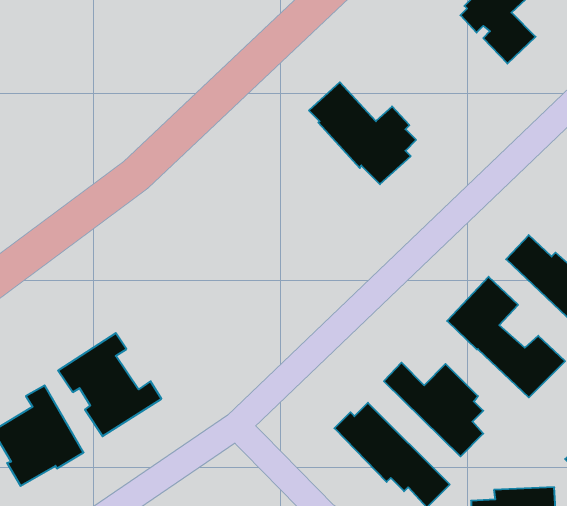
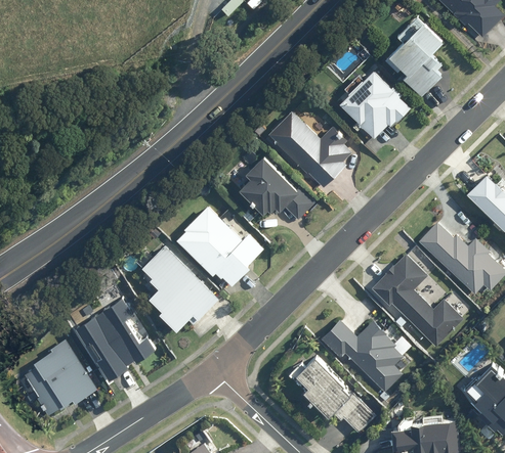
building: none -> [339,66,409,138]
building: none -> [238,151,315,220]
building: none -> [175,206,262,284]
building: none -> [142,250,218,333]

